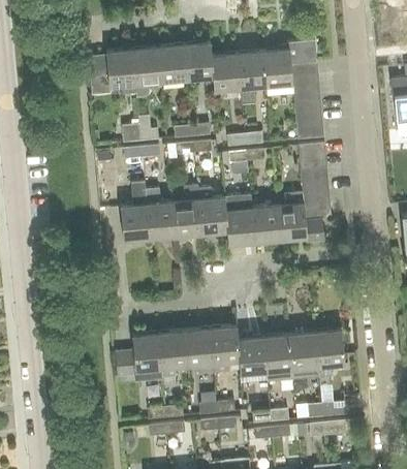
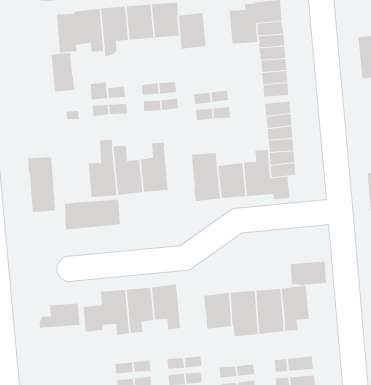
building: [237,51,265,103] -> none
building: none -> [51,52,75,92]
building: [197,187,227,232] -> none
building: none -> [28,156,56,213]
building: none -> [64,199,121,230]
building: none -> [290,261,326,286]
building: [210,325,239,372] -> none
building: none -> [39,303,80,329]

